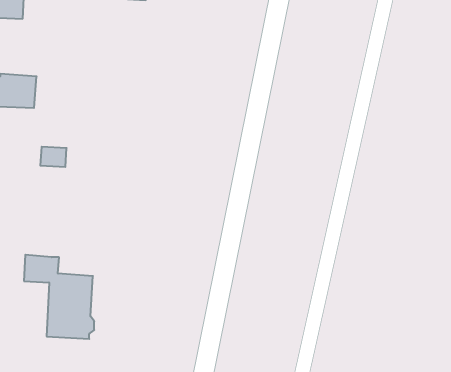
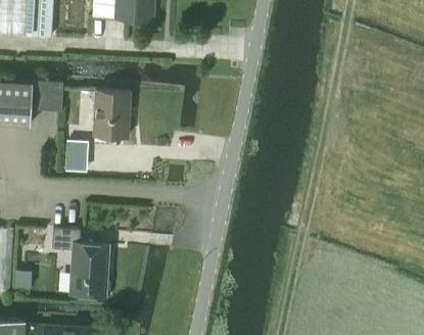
building: none -> [92,90,130,137]

